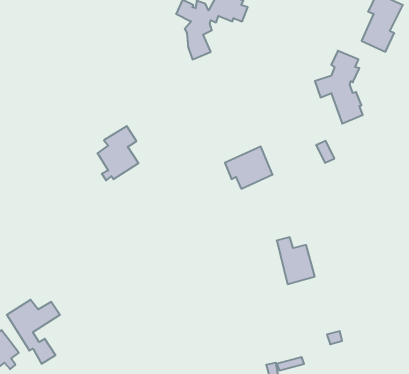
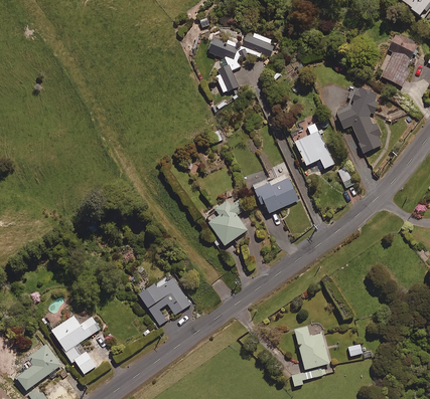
building: none -> [294,124,333,168]
building: [97,126,139,180] -> [207,196,246,246]
building: [277,237,315,284] -> [294,327,329,370]
building: none -> [137,276,190,326]

